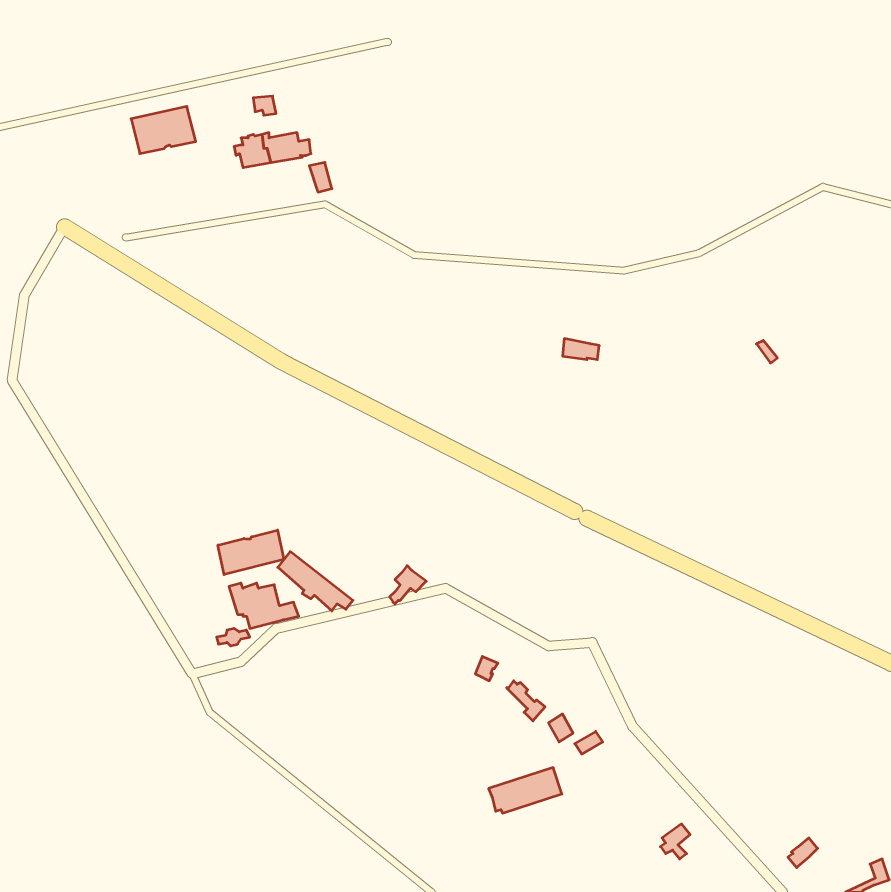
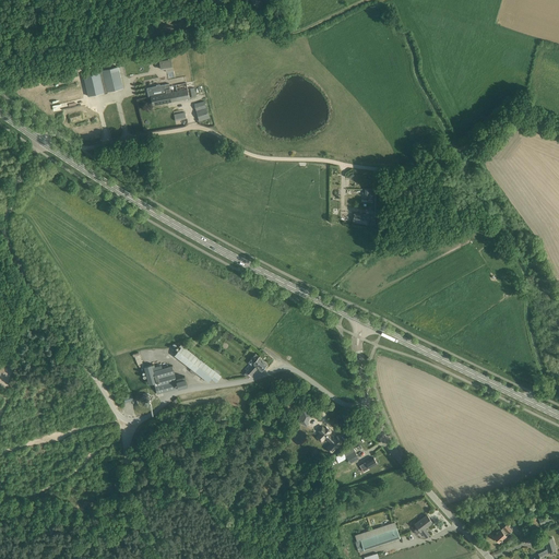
building: [218,530,284,575] -> none
building: [489,768,562,813] -> [354,522,400,550]

